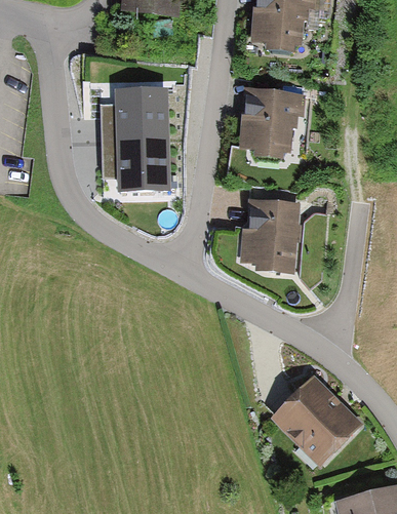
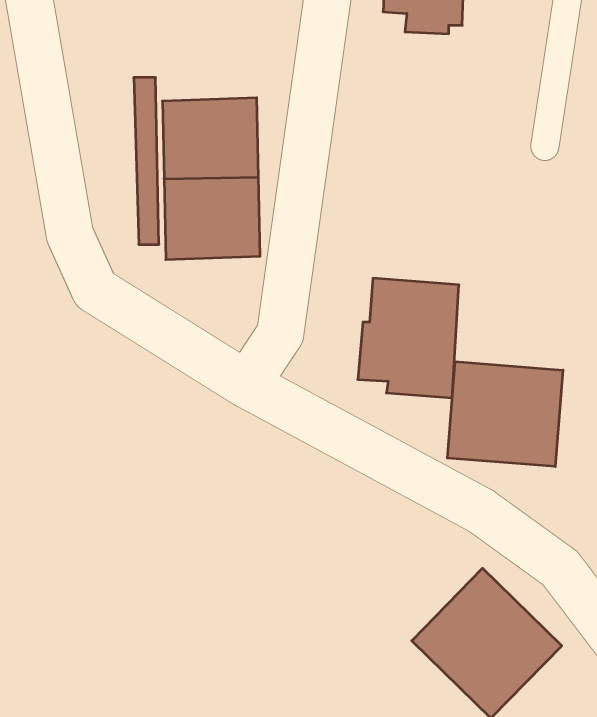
building: [241,90,306,159] -> none
building: none -> [447,362,563,467]

